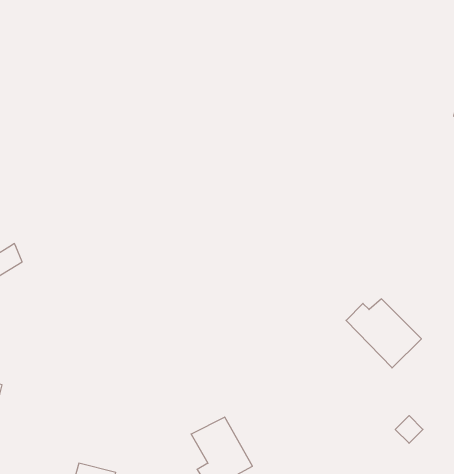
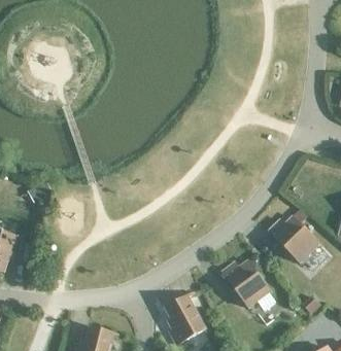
building: none -> [221,260,274,310]

